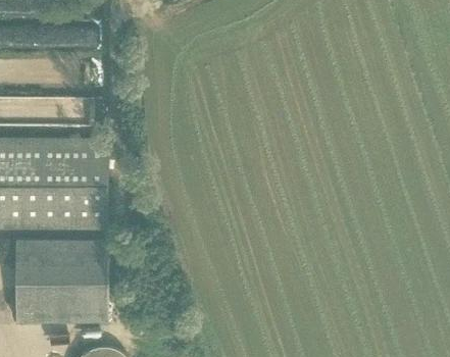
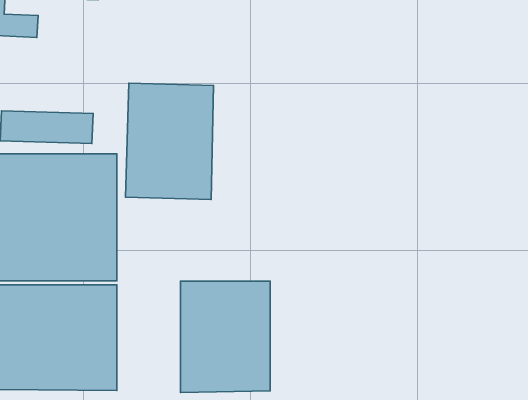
building: none -> [125,83,213,199]
building: none -> [181,281,270,392]

